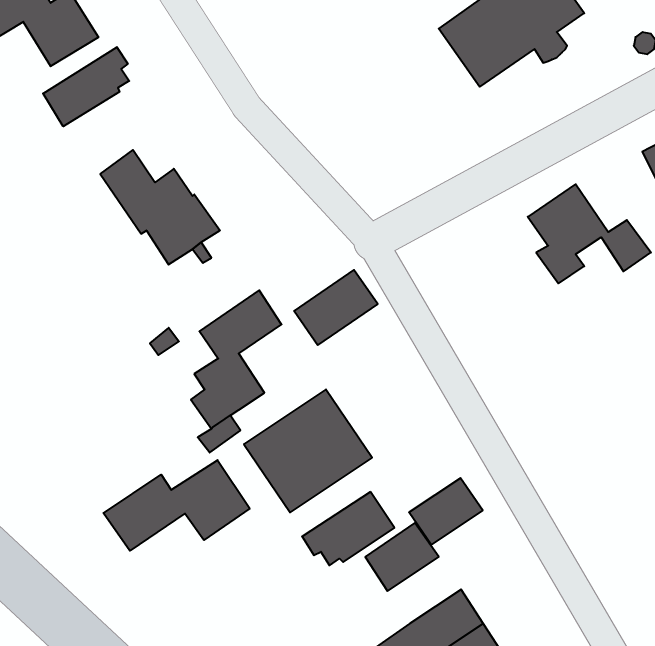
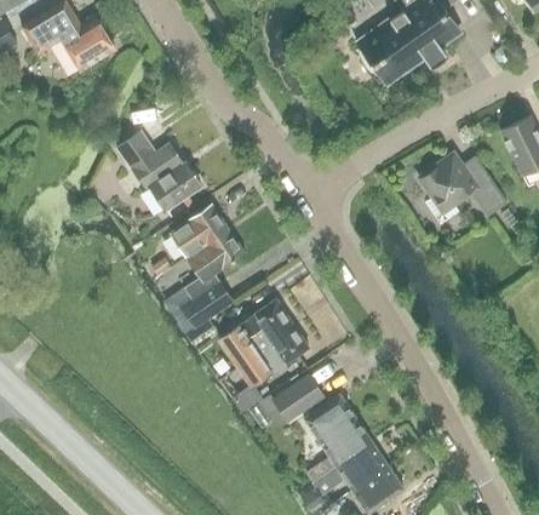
building: [43,47,129,126] -> none
building: [294,270,378,345] -> [170,204,229,257]
building: [103,460,250,551] -> none
building: [409,478,483,545] -> [320,417,372,464]

